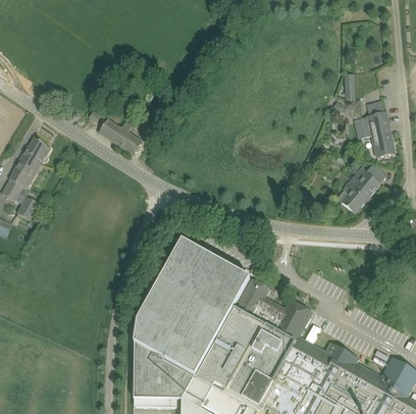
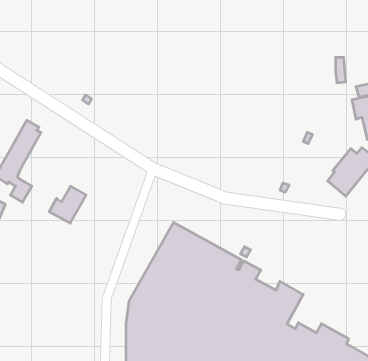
building: [99,117,142,154] -> none
building: none -> [49,186,86,223]

